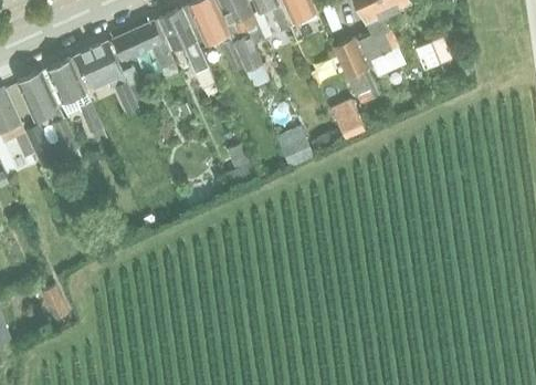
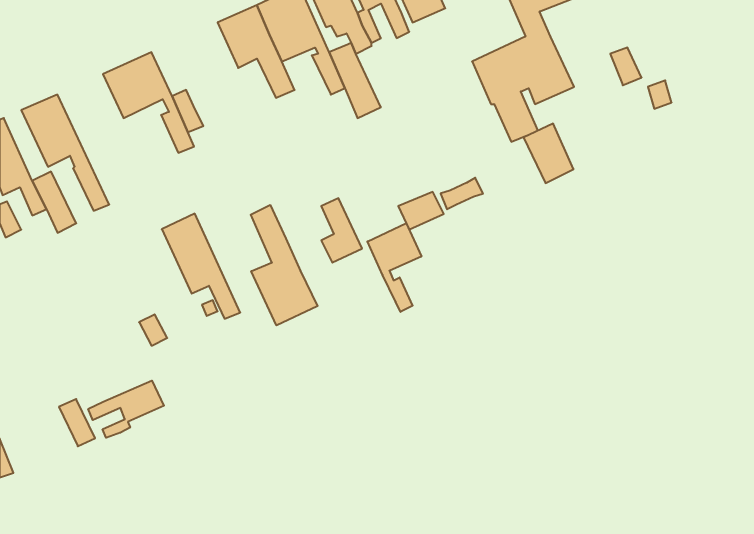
building: [112,21,177,79] -> none
building: [45,59,101,133] -> [162,214,240,319]
building: [329,100,365,142] -> [523,124,574,183]
building: none -> [251,205,318,325]
building: none -> [367,223,421,312]
building: none -> [88,381,164,438]

